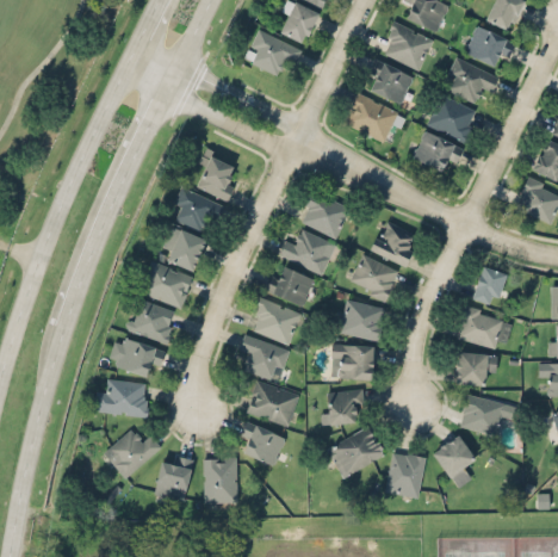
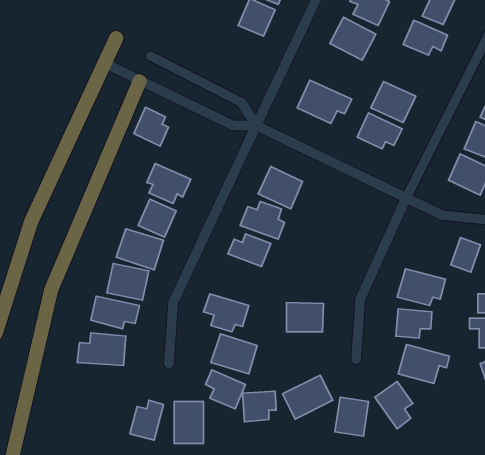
building: [244,30,302,74] -> none
building: [444,57,497,101] -> none
building: [367,58,413,103] -> none
building: [197,156,236,200] -> [134,107,169,146]
building: [370,219,418,266] -> none
building: [348,254,398,299] -> none
building: [472,266,506,305] -> [451,238,480,272]
building: [249,298,300,345] -> none
building: [340,299,385,340] -> none
building: [324,390,362,425] -> [243,391,276,422]
building: [104,428,160,478] -> none

